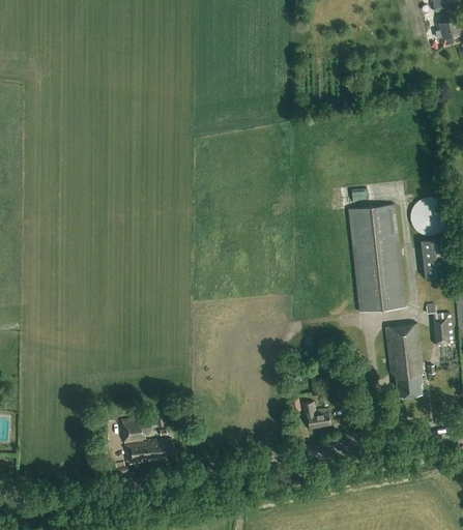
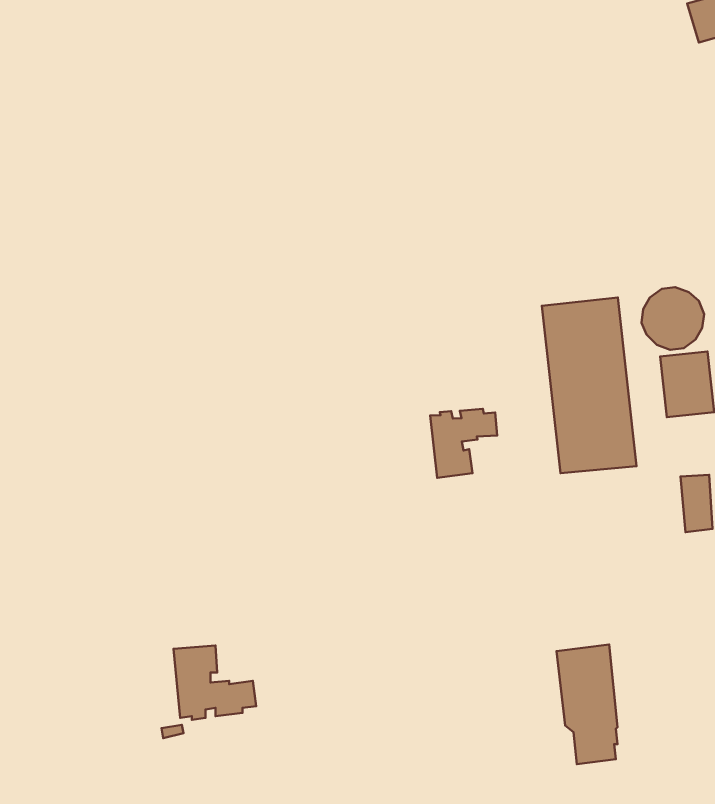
building: none -> [430,409,497,478]
building: [384,323,422,396] -> [557,644,617,764]
building: [301,402,330,428] -> none

